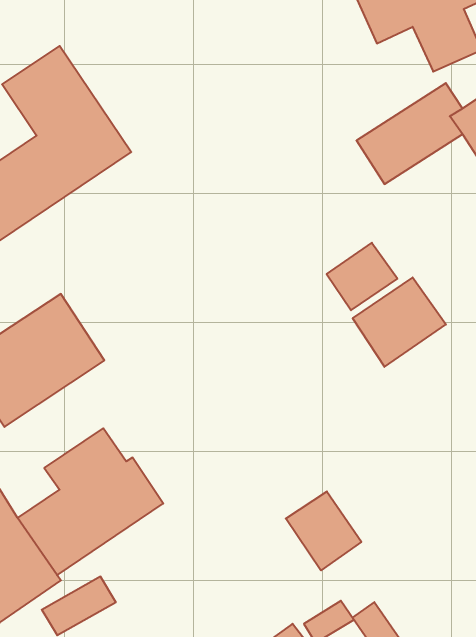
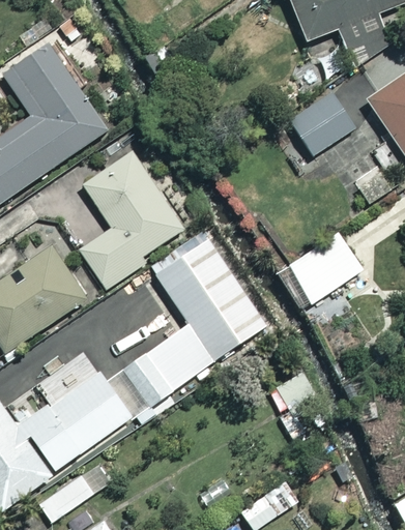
building: none -> [80,152,182,288]
building: [327,243,397,310] -> none
building: none -> [124,234,266,403]
building: [286,491,361,570] -> none

